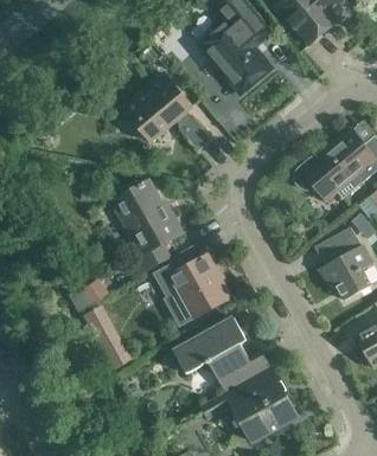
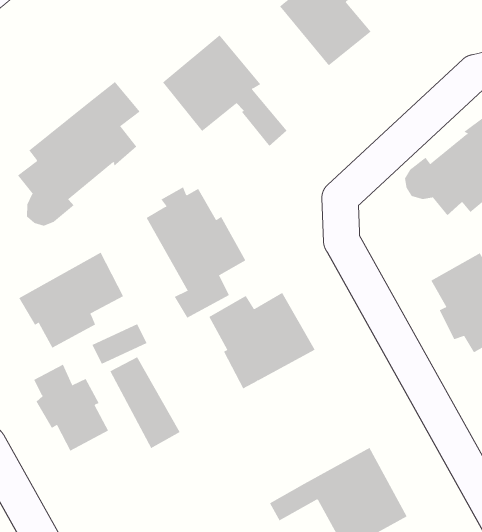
building: none -> [17,81,141,227]
building: none -> [18,252,124,348]
building: none -> [34,364,109,451]
building: [173,317,270,393] -> none

